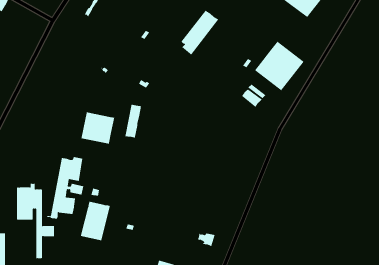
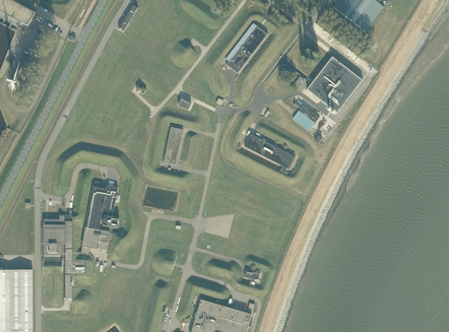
building: none -> [244,133,295,169]
building: [81,112,115,144] -> none
building: [80,201,111,241] -> none

